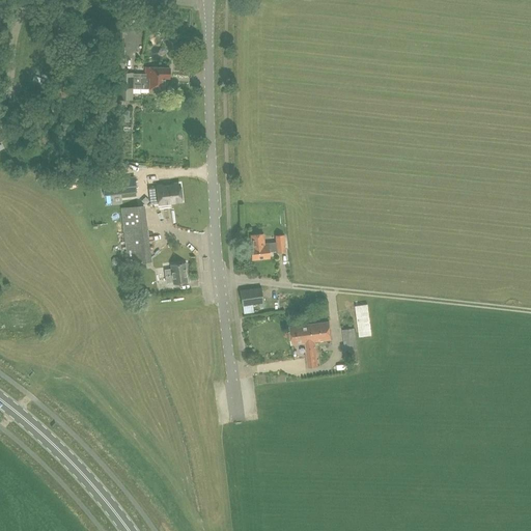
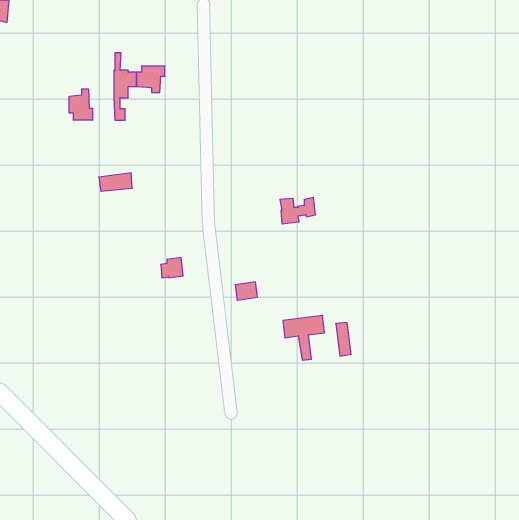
building: none -> [69,89,93,120]
building: [150,185,181,202] -> none
building: [119,205,150,264] -> none
building: [249,233,285,260] -> [280,197,316,224]

